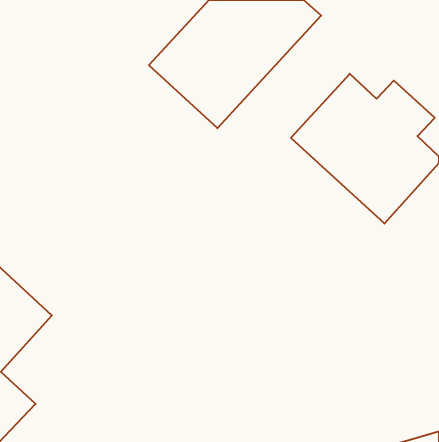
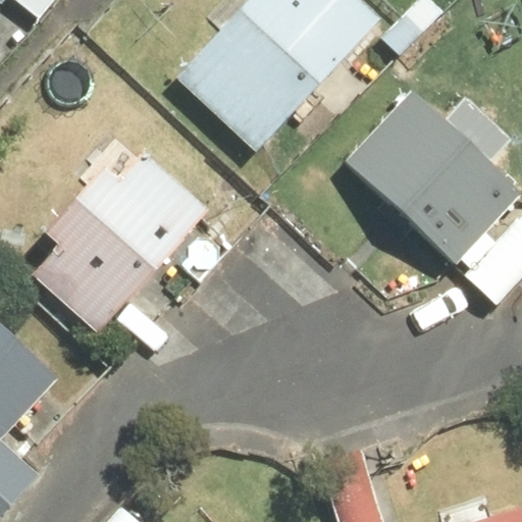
building: none -> [34,151,208,332]

